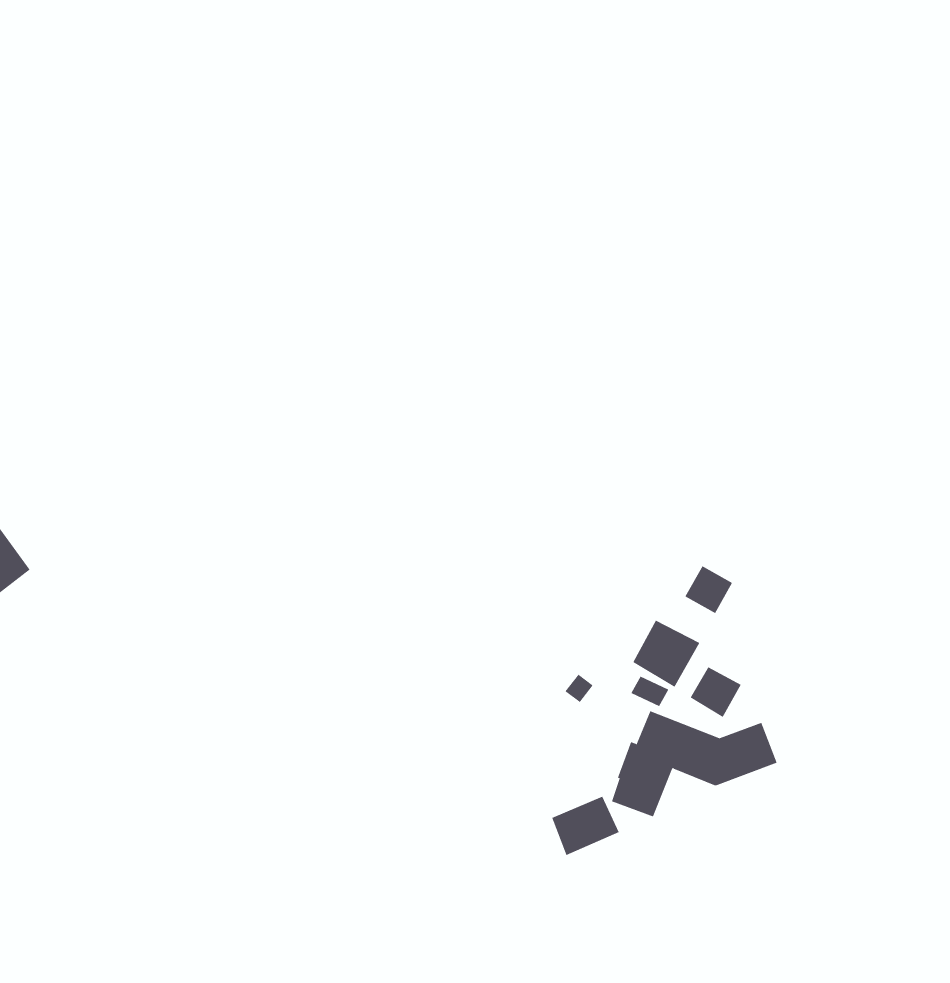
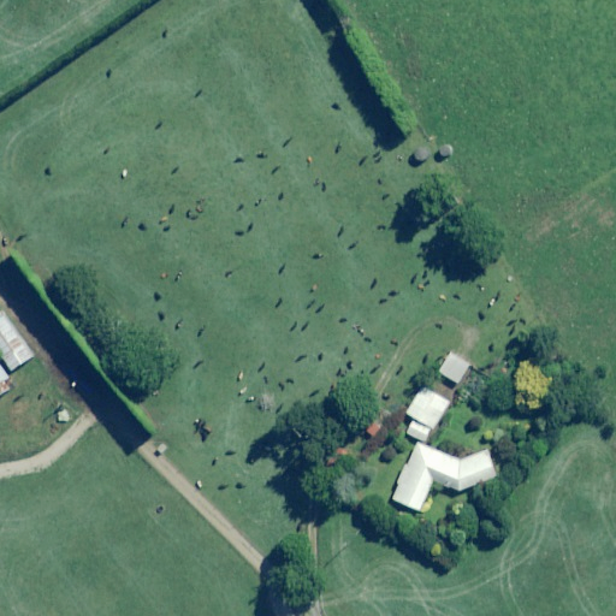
building: [690,666,742,718] -> none
building: [552,796,620,856] -> none

